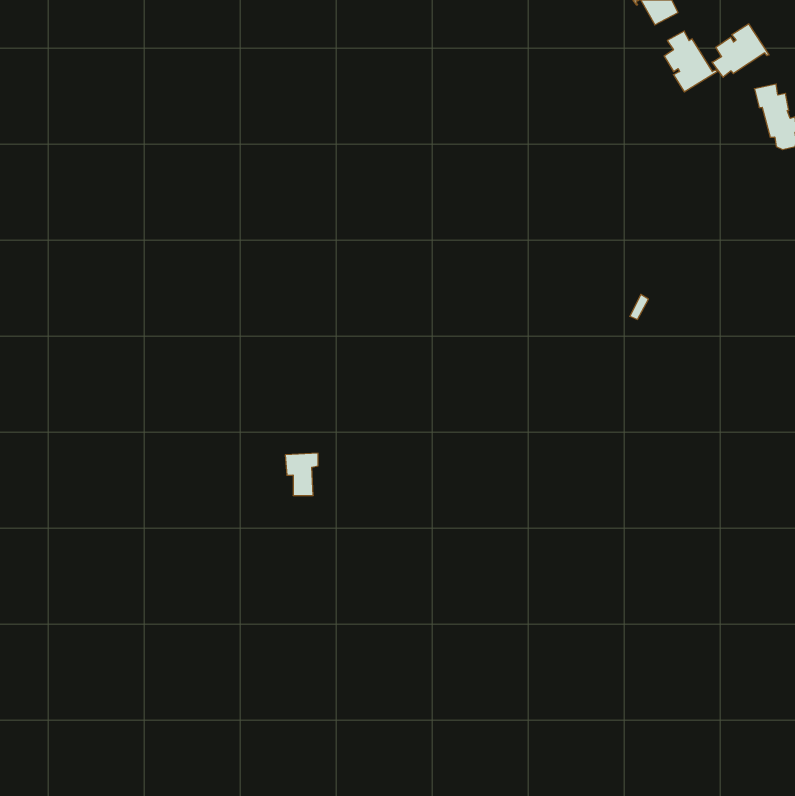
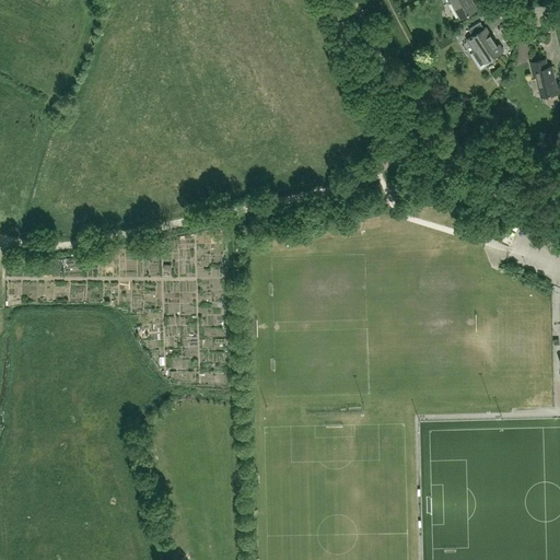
building: [712,24,769,77] -> none

